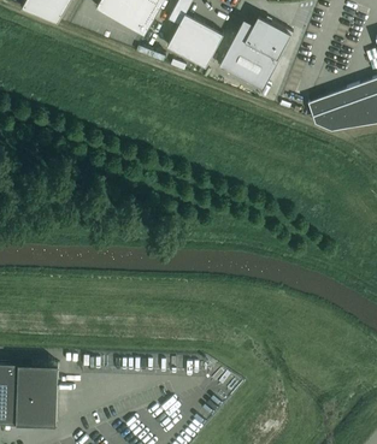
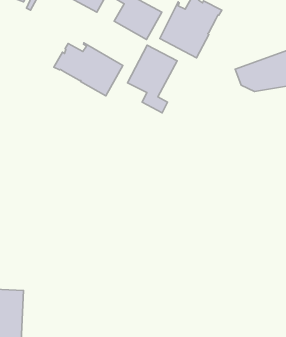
building: none -> [54,43,123,96]
building: none -> [127,45,177,113]

